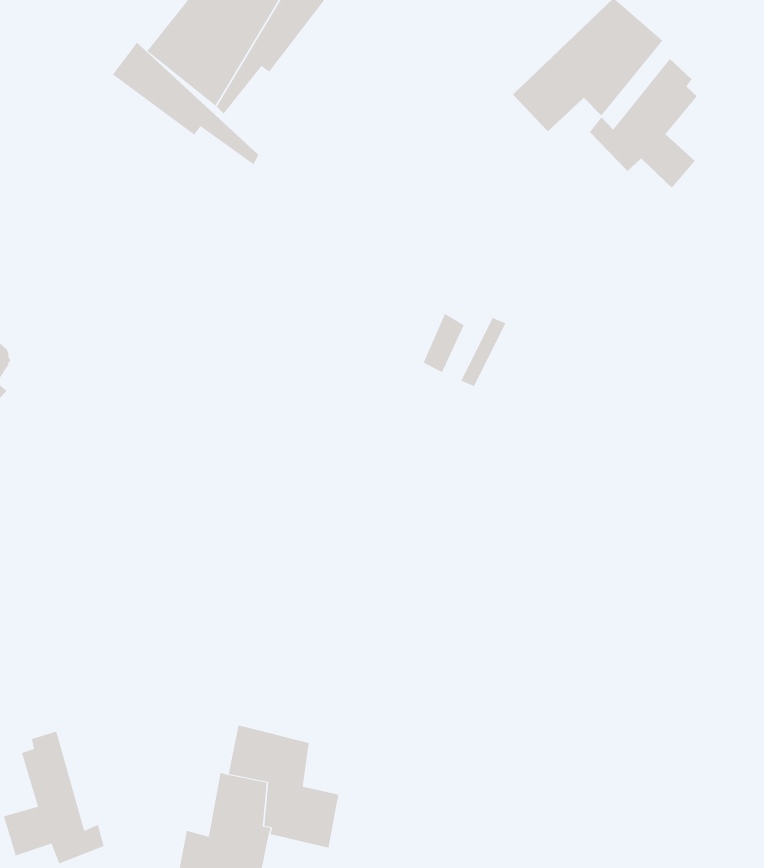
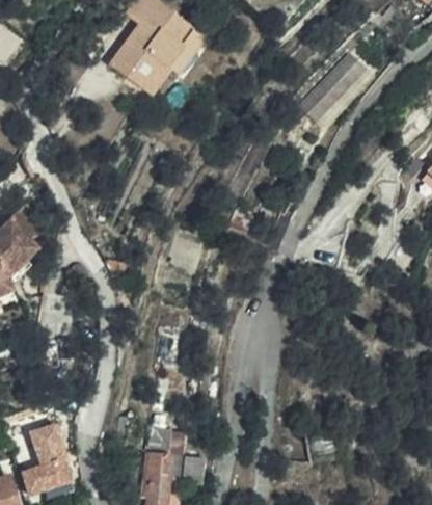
building: [112,42,259,165] -> none
building: [589,58,698,189] -> none

